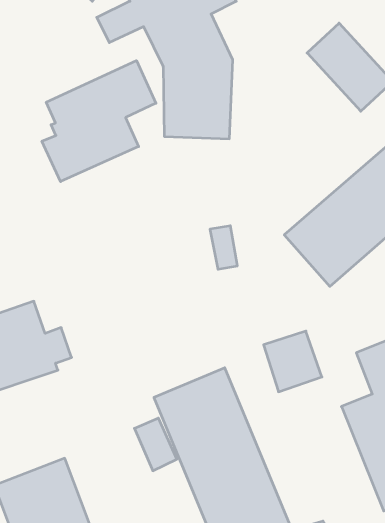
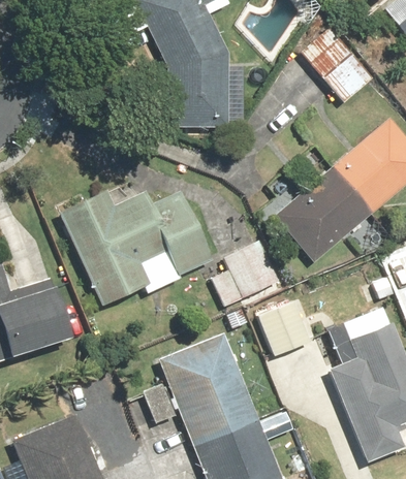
building: [42,61,156,182] -> none
building: none -> [60,180,214,307]
building: none -> [224,242,275,297]

